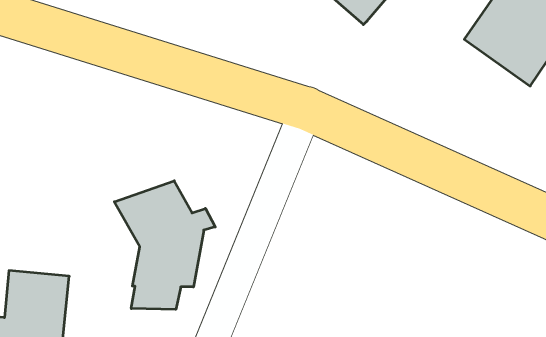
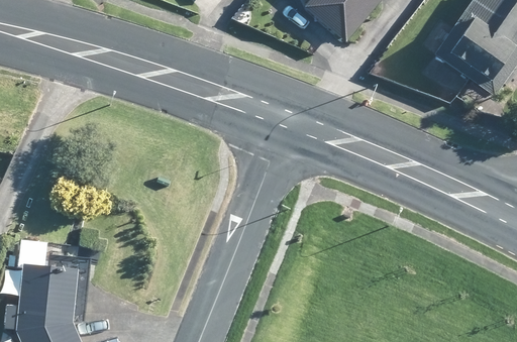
building: [114,181,215,309] -> none

